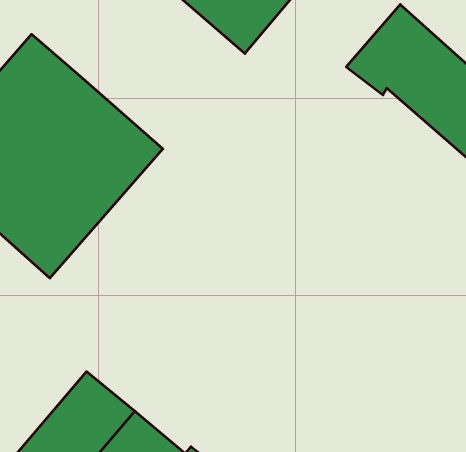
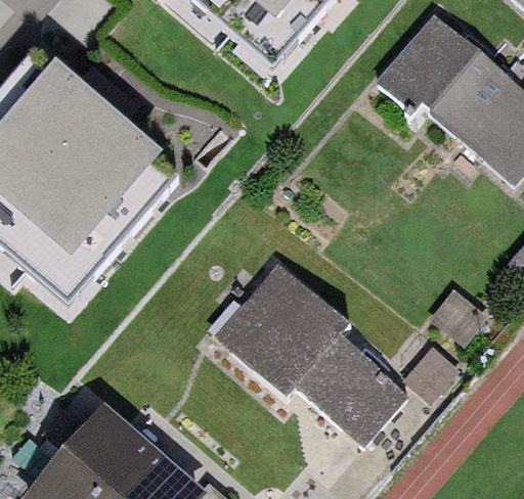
building: none -> [217,264,404,442]

